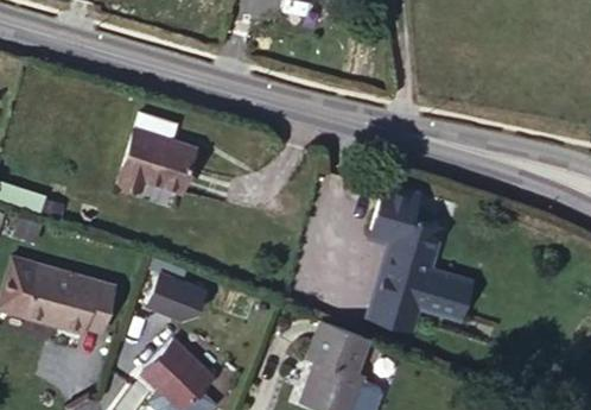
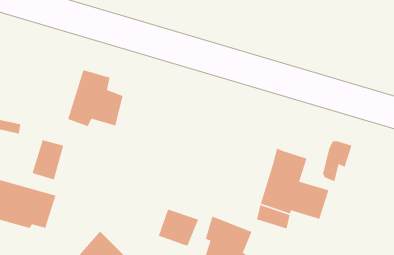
building: [380,191,420,247] -> [322,141,352,182]
building: [157,260,201,316] -> [32,139,64,181]
building: none -> [158,209,199,247]

